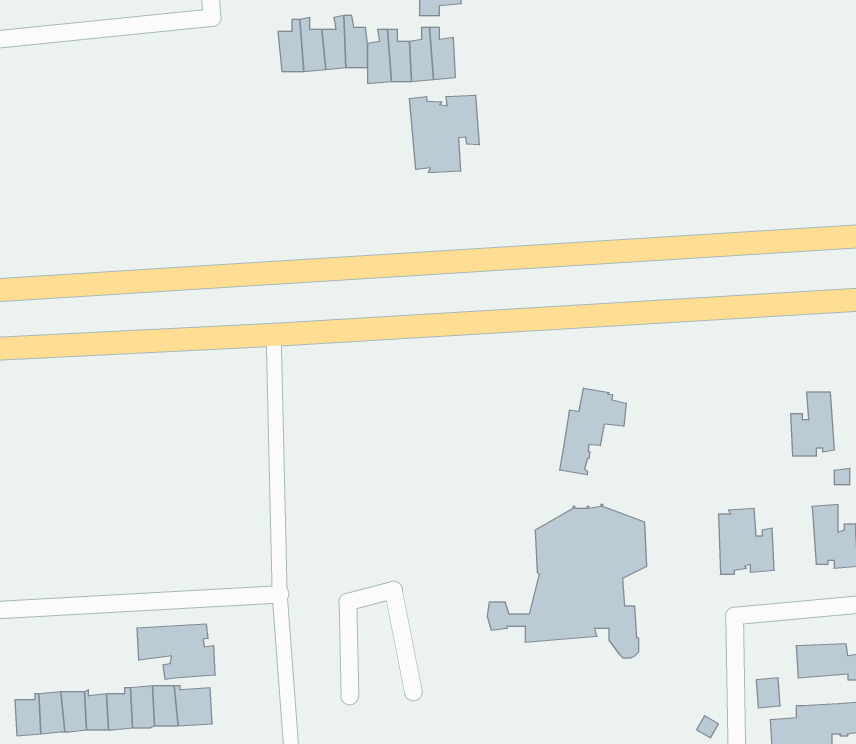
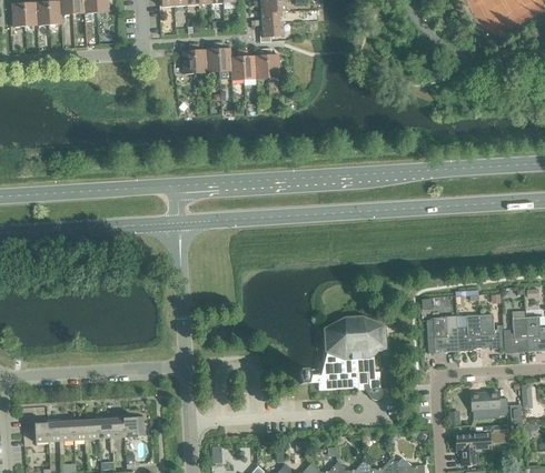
building: [409,95,479,173] -> none
building: [560,388,626,475] -> none
building: [791,392,834,456] -> [456,315,480,351]
building: [137,624,215,679] -> none

